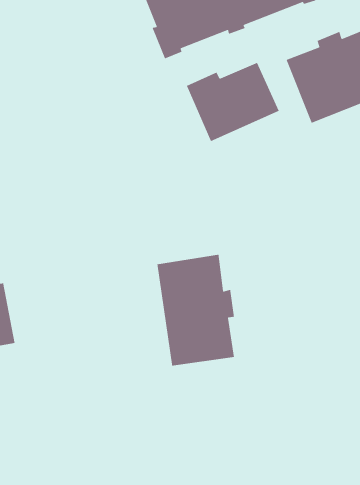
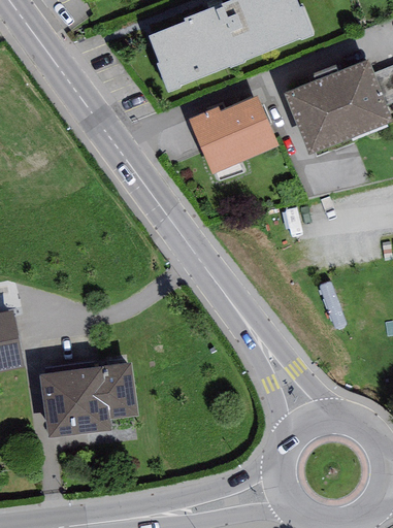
building: [156,254,235,366] -> none
building: none -> [39,362,138,438]

